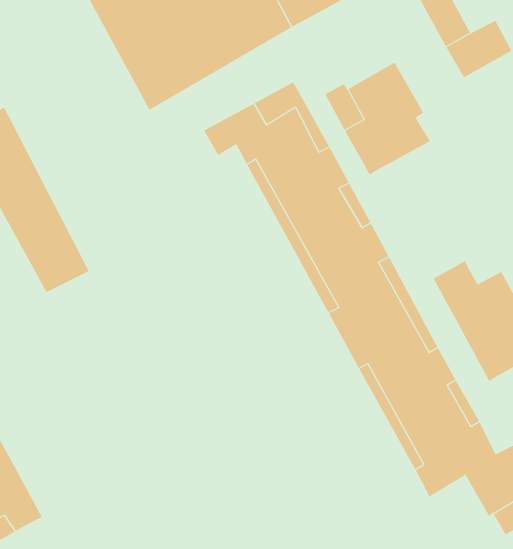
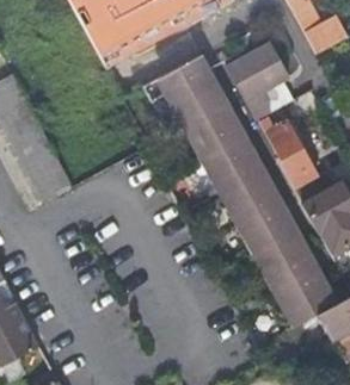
building: none -> [260,116,318,187]

